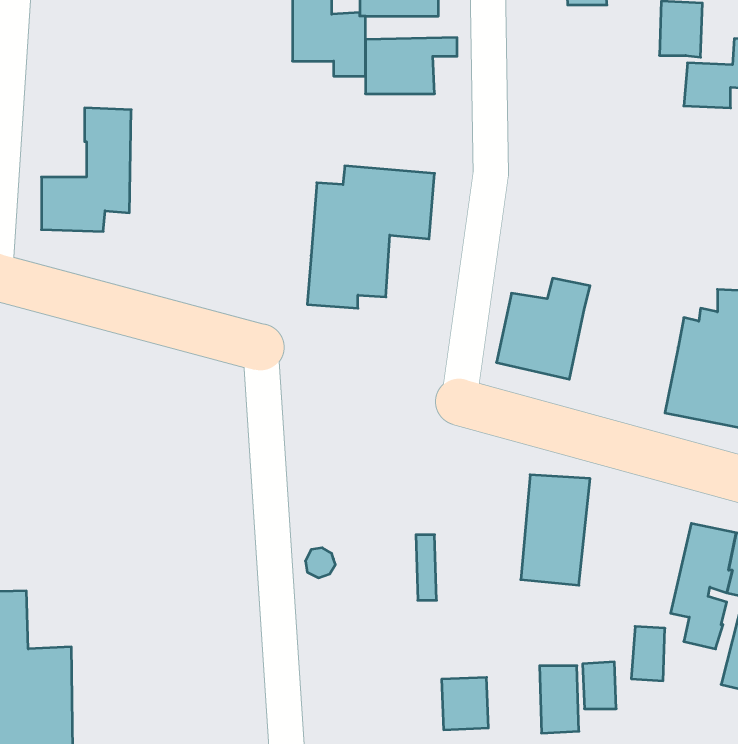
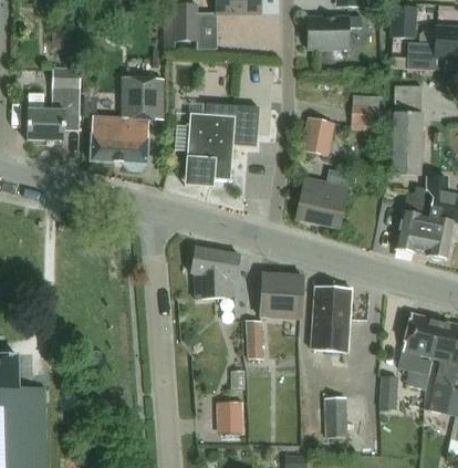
building: [365,38,457,94] -> [308,15,362,49]
building: none -> [90,76,163,169]
building: none -> [392,84,421,174]
building: none -> [352,94,378,127]
building: none -> [301,116,334,155]
building: none -> [190,245,239,297]
building: none -> [260,271,303,316]
building: [442,677,488,730] -> [214,402,241,433]

